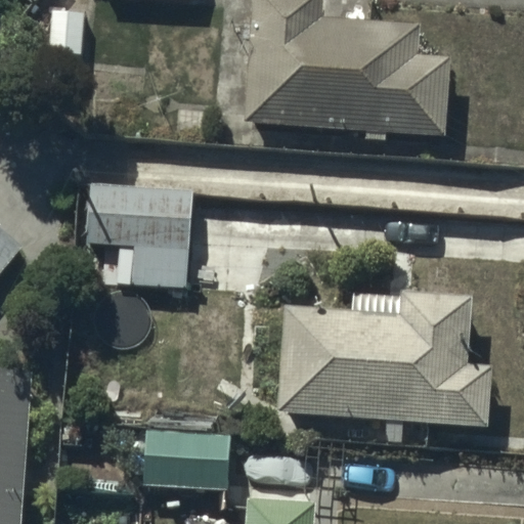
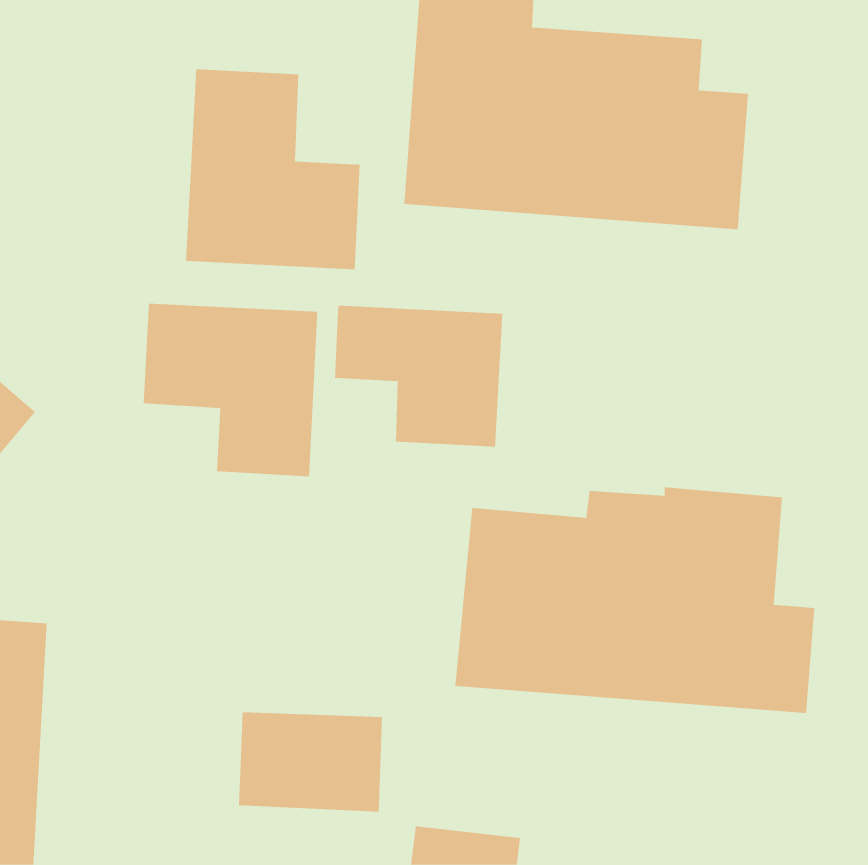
building: none -> [186,69,360,270]
building: none -> [334,305,503,447]

